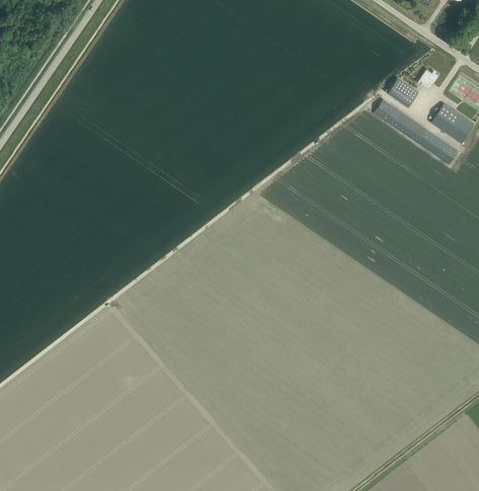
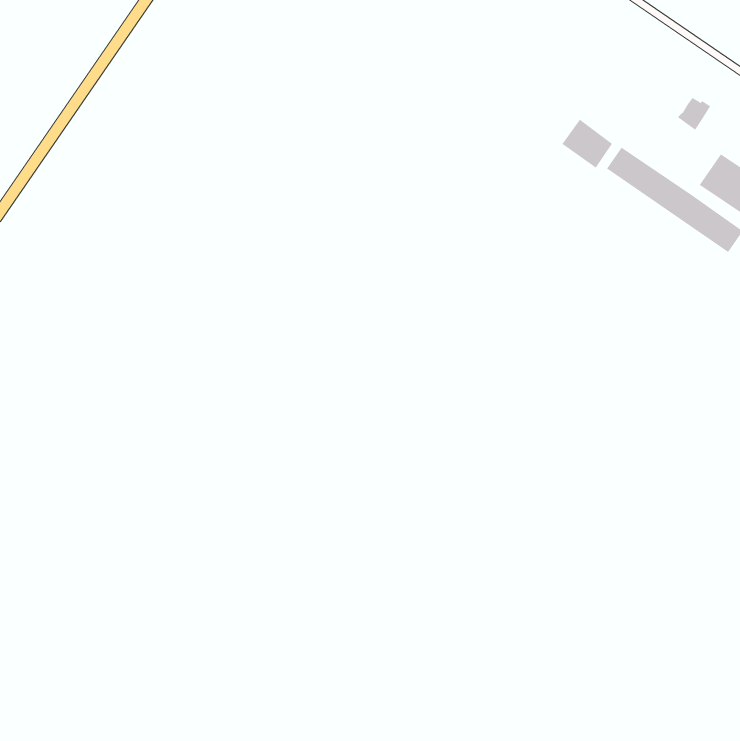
building: [387,77,418,107] -> [561,119,613,169]

